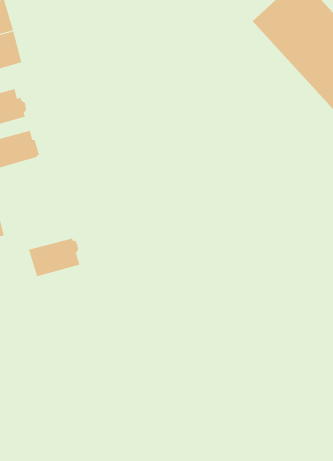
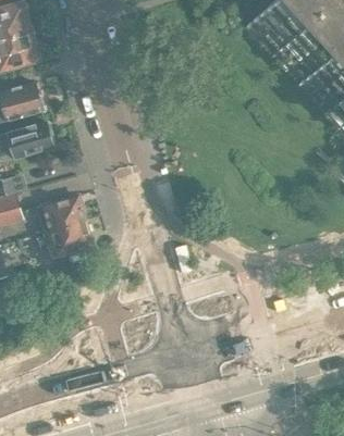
building: none -> [37,195,86,231]

